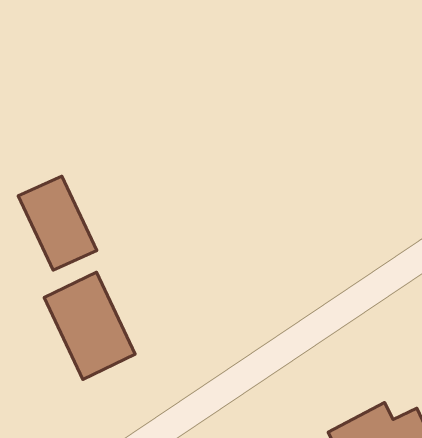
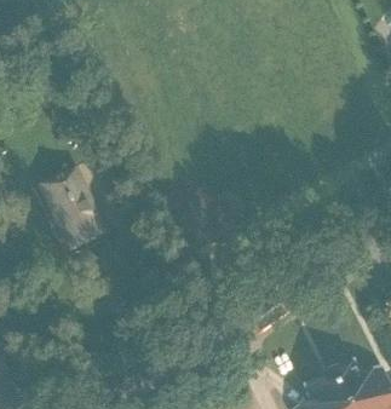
building: [44,272,135,380] -> none

